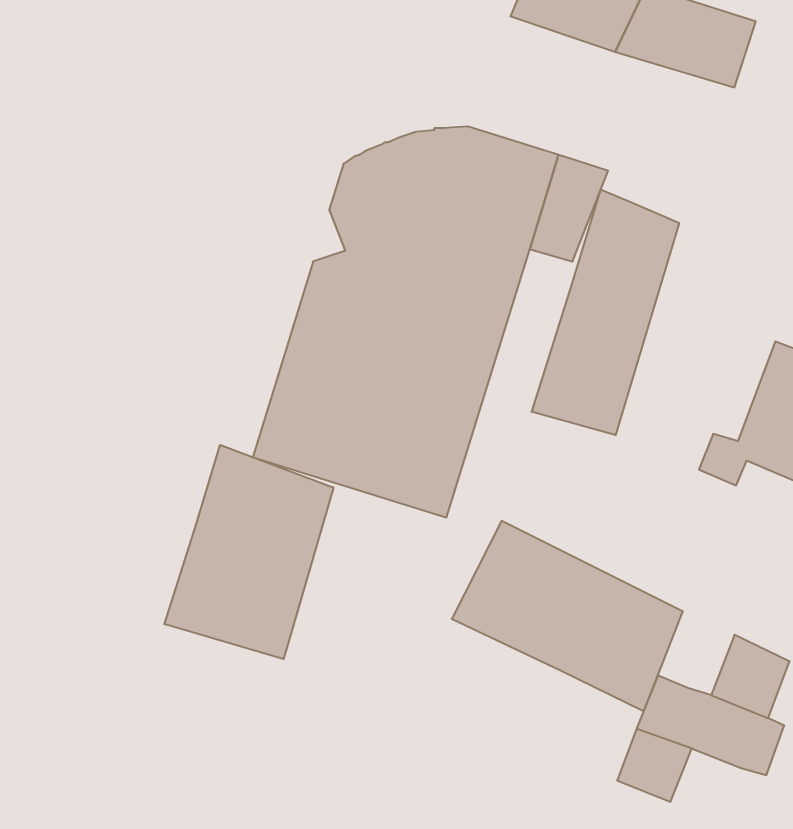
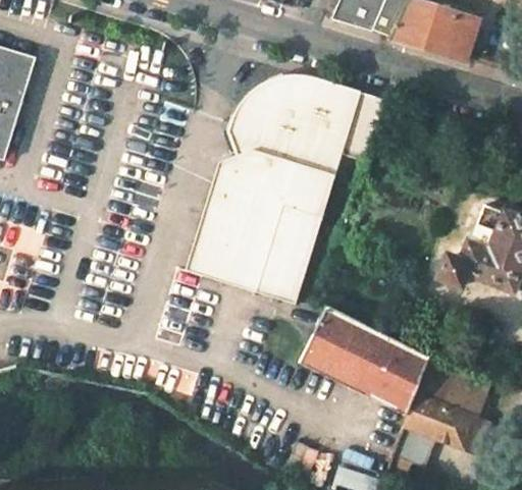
building: [532,189,679,435] -> none
building: [164,445,333,659] -> none

